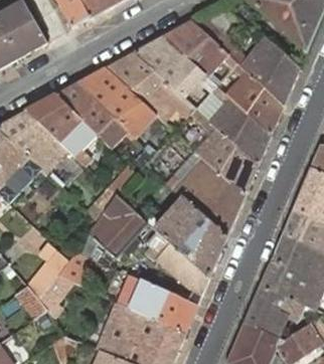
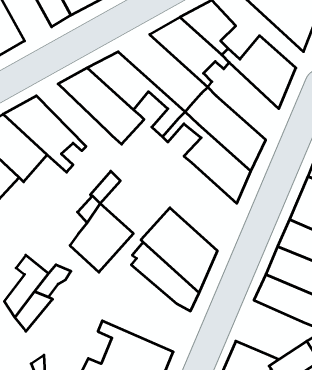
building: [134,36,217,109] -> none
building: [225,62,284,135] -> none
building: [57,82,128,149] -> none
building: [164,150,245,238] -> none
building: [117,275,197,333] -> none
building: [244,285,306,337] -> none

